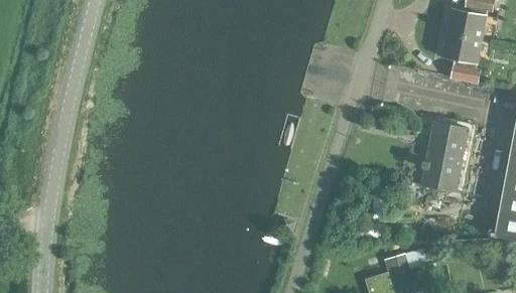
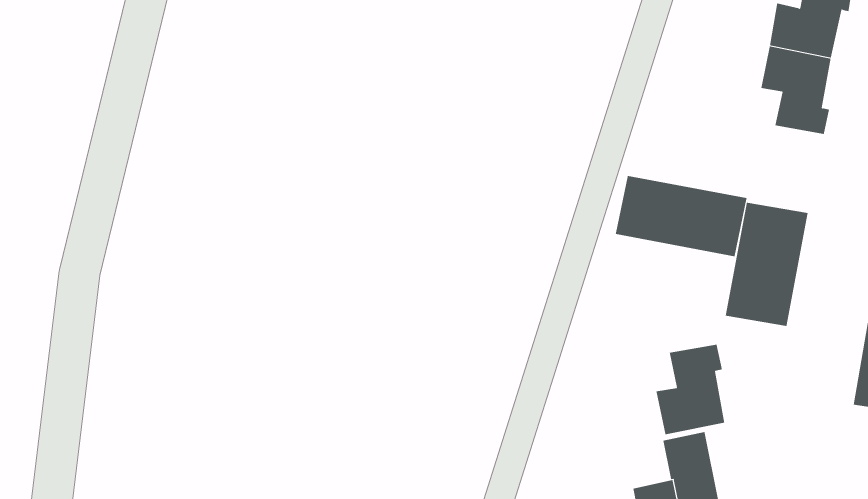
building: none -> [615,175,747,257]
building: none -> [656,344,725,435]

